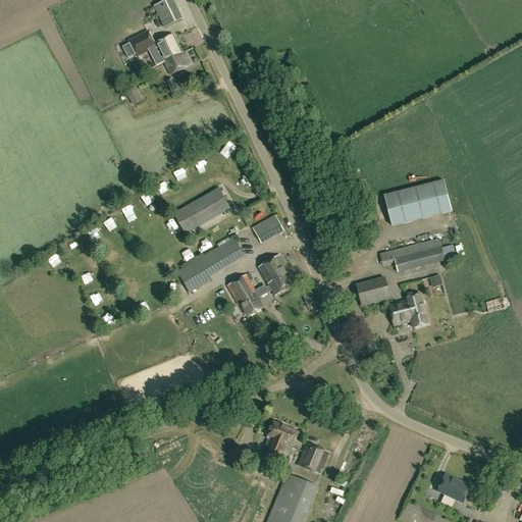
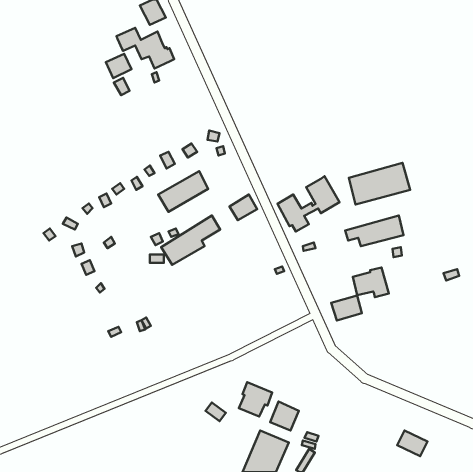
building: none -> [106,54,132,78]
building: [227,255,296,316] -> [277,176,339,232]
building: [357,276,390,304] -> [331,296,362,321]

